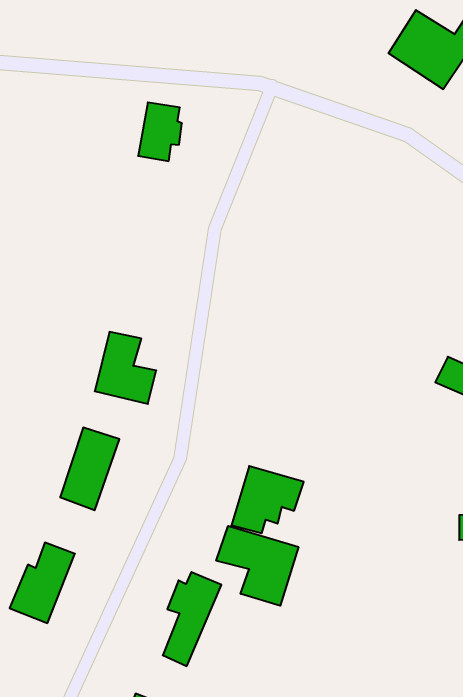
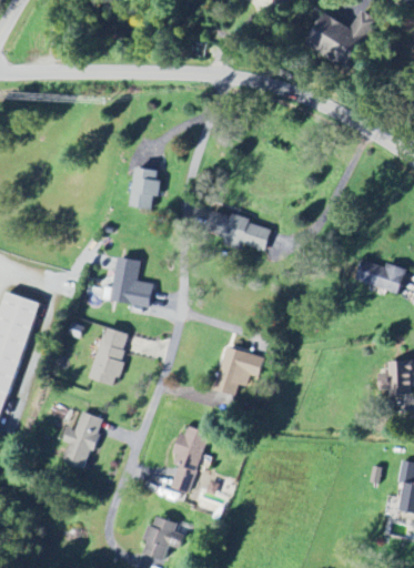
building: [138,102,182,161] -> [130,168,160,209]
building: none -> [204,210,271,252]
building: [216,526,298,606] -> none

